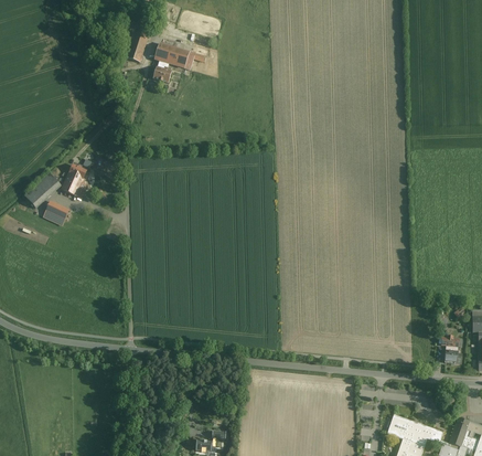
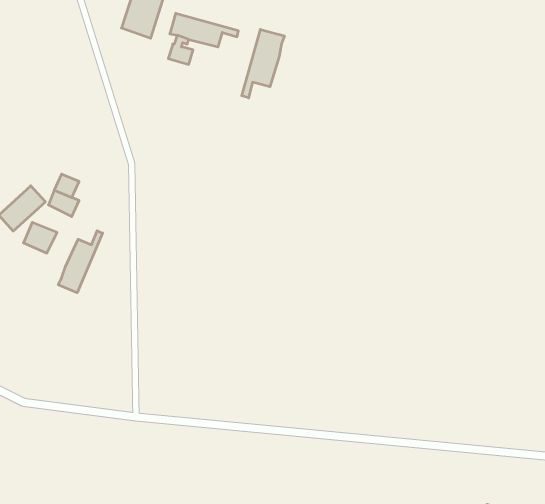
building: none -> [242,29,284,98]
building: none -> [58,231,103,293]

